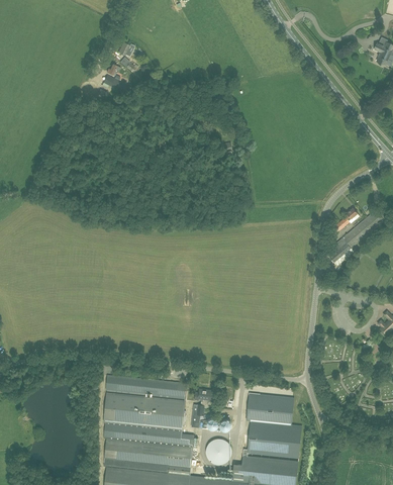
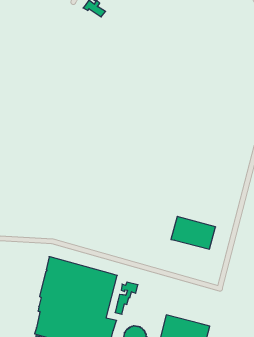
building: [247,393,295,424] -> [171,216,216,249]

